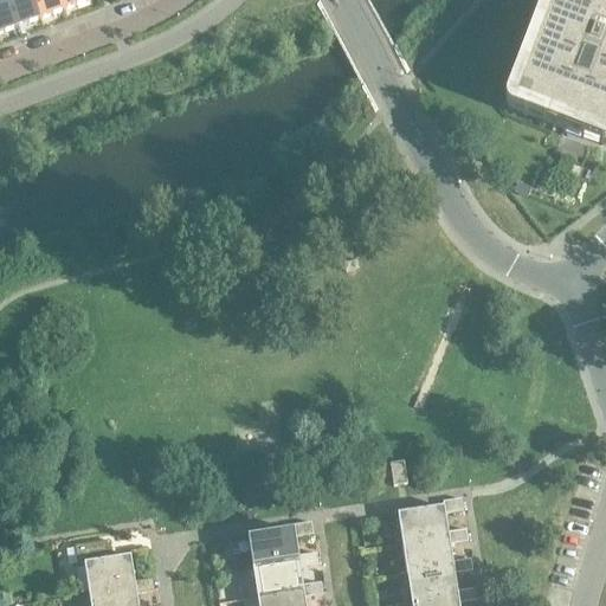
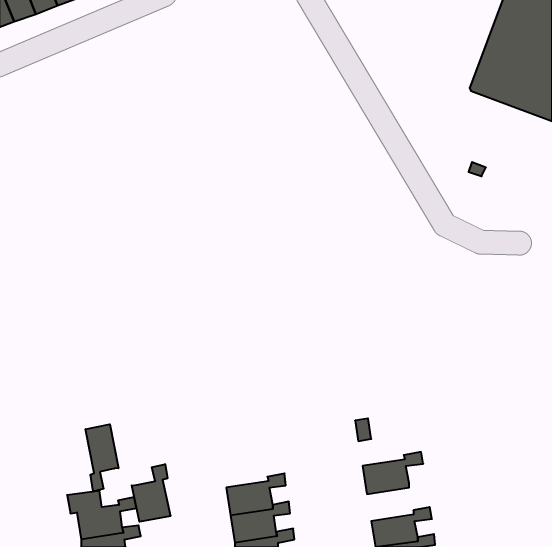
building: none -> [86,424,118,492]
building: none -> [132,464,170,522]
building: [401,527,468,570] -> none

